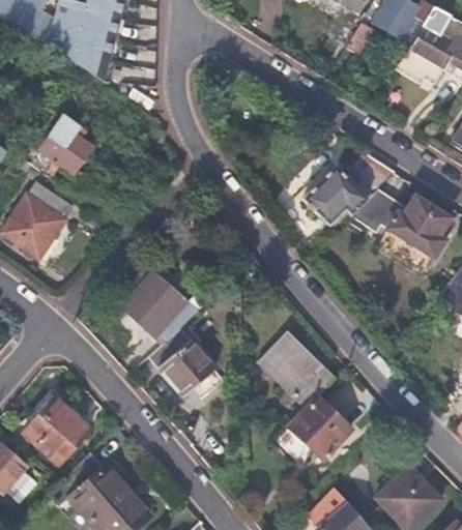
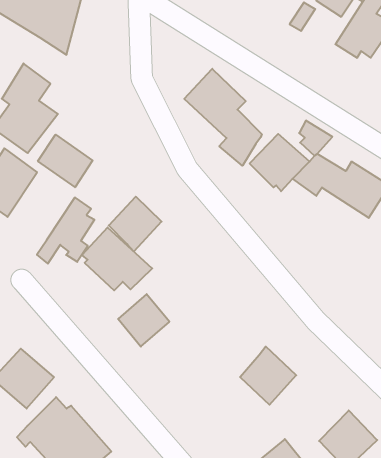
building: none -> [184,69,262,166]
building: none -> [38,135,93,187]
building: none -> [109,197,162,251]
building: none -> [37,197,94,264]
building: [262,330,336,406] -> none

